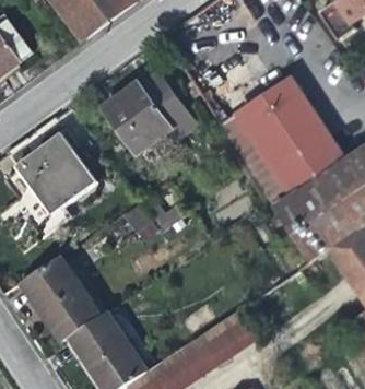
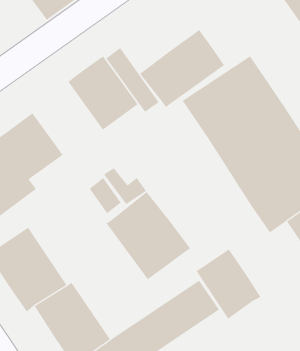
building: none -> [139,29,225,108]
building: none -> [106,191,191,280]
building: none -> [196,249,261,319]

